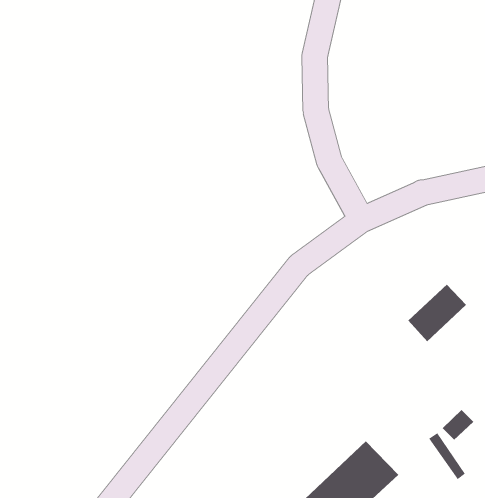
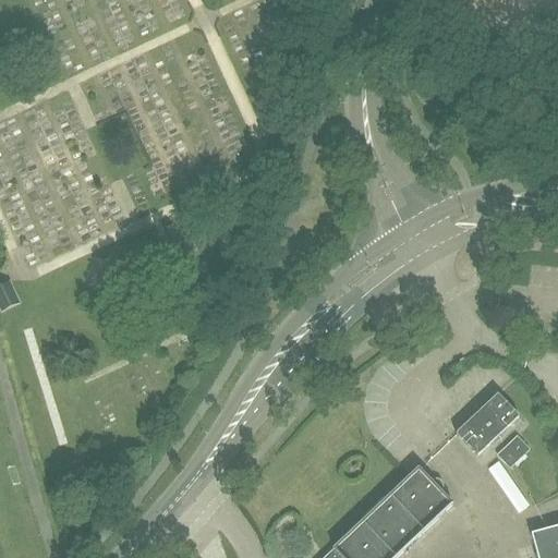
building: [407,284,467,342] -> [456,393,518,454]

